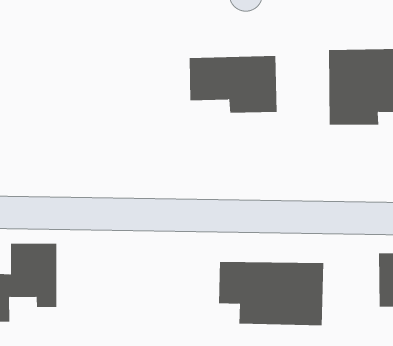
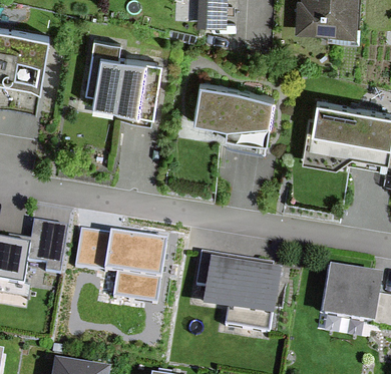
building: none -> [83,42,165,113]
building: none -> [75,226,165,302]

